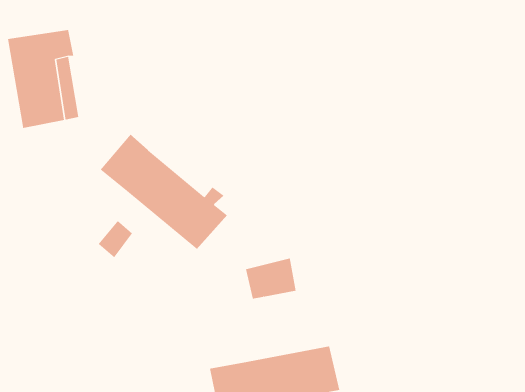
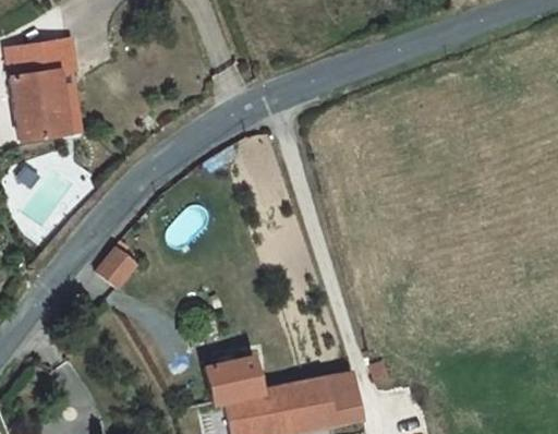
building: [100,134,228,250] -> none
building: [245,258,297,299] -> [202,355,256,399]

